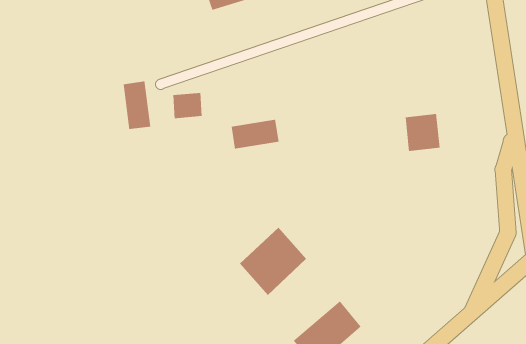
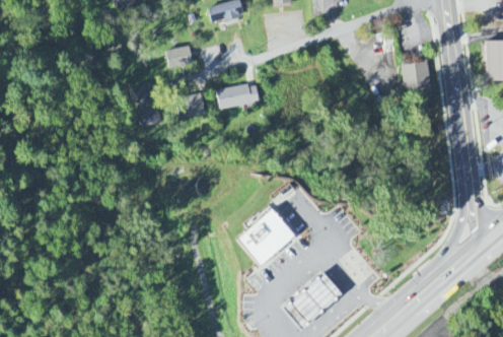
building: none -> [165,46,192,68]
building: [405,113,440,152] -> [401,61,431,93]
building: [231,119,280,149] -> [217,83,259,109]

